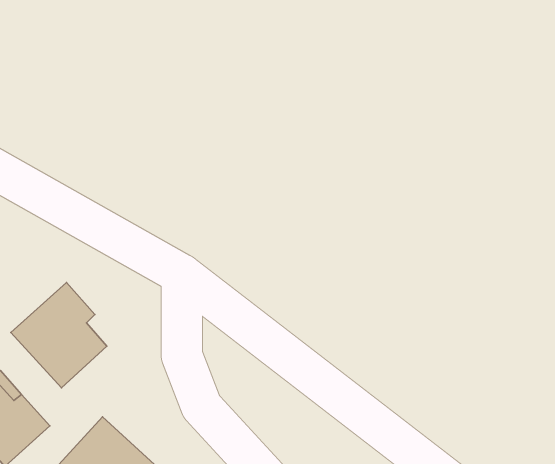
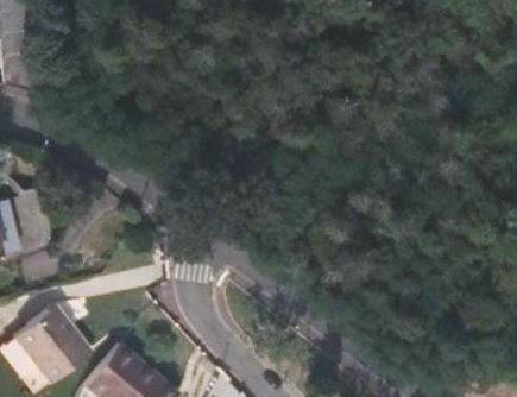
building: [11,283,107,388] -> none

